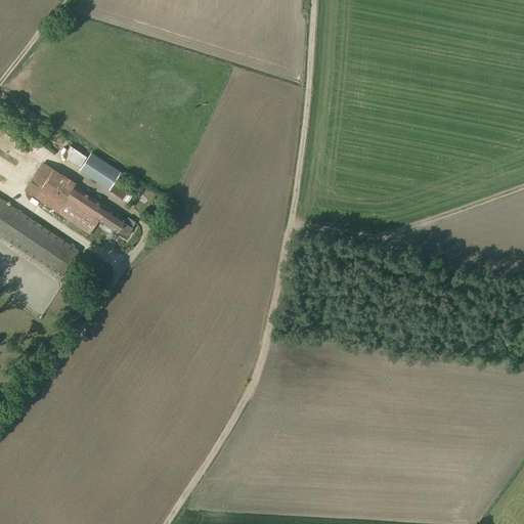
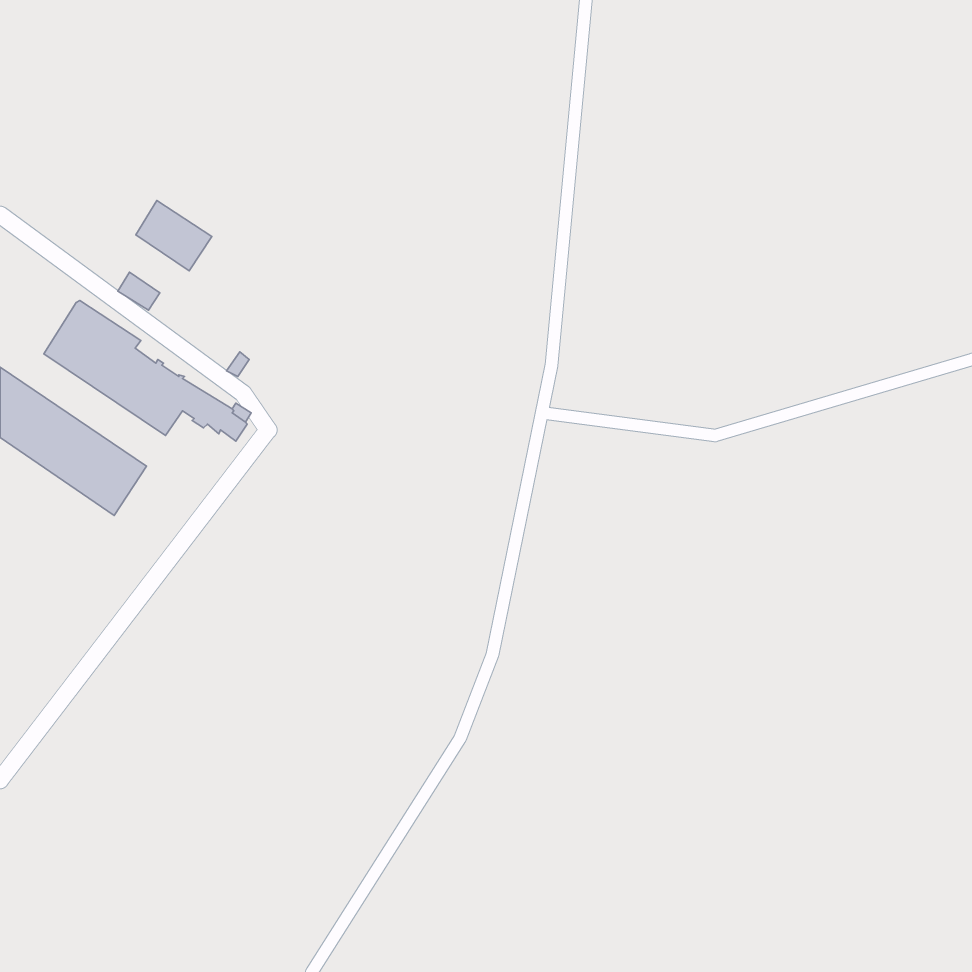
building: [80,152,121,190] -> [136,200,212,271]

